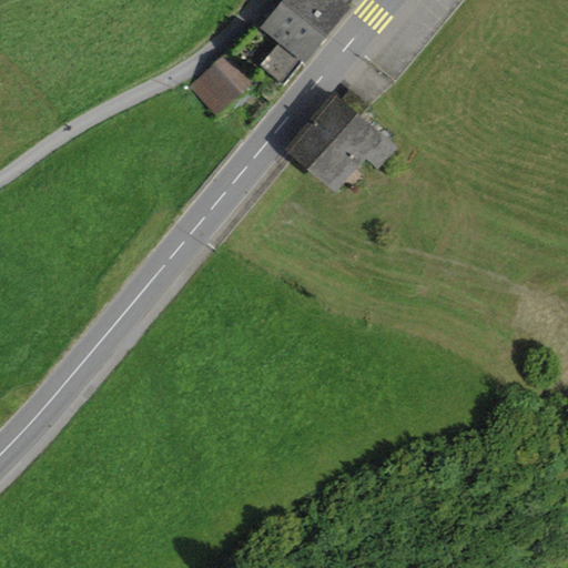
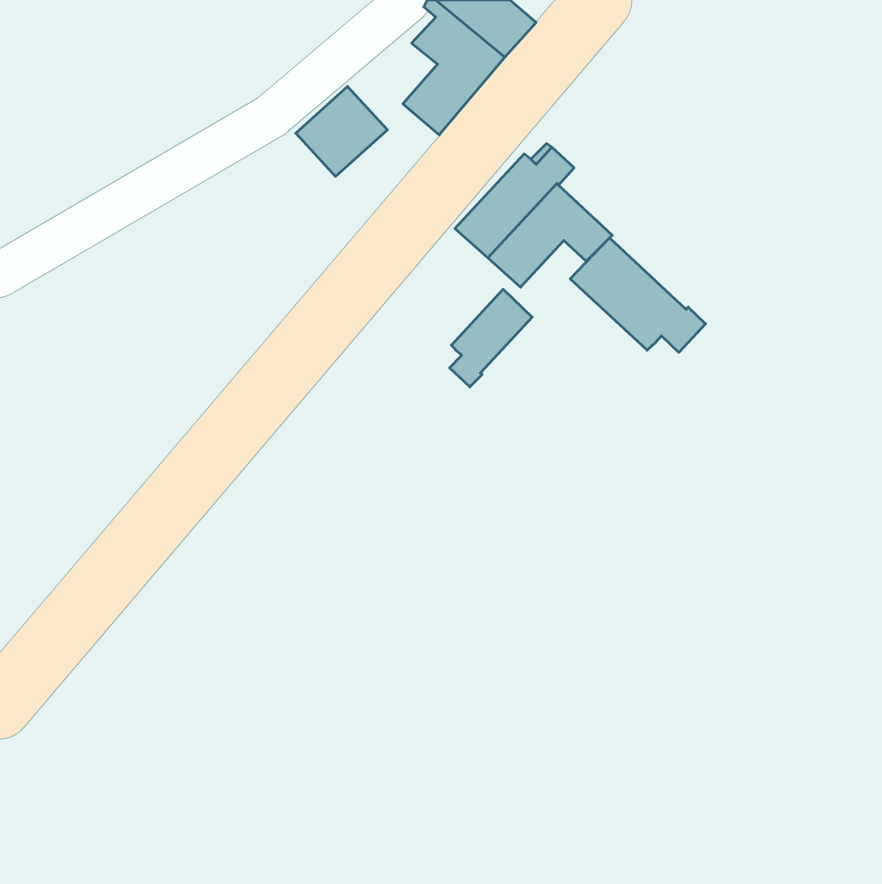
building: none -> [570,238,706,352]
building: none -> [450,289,532,387]

